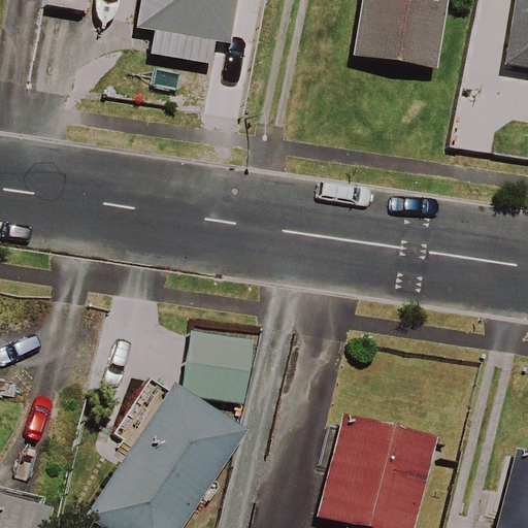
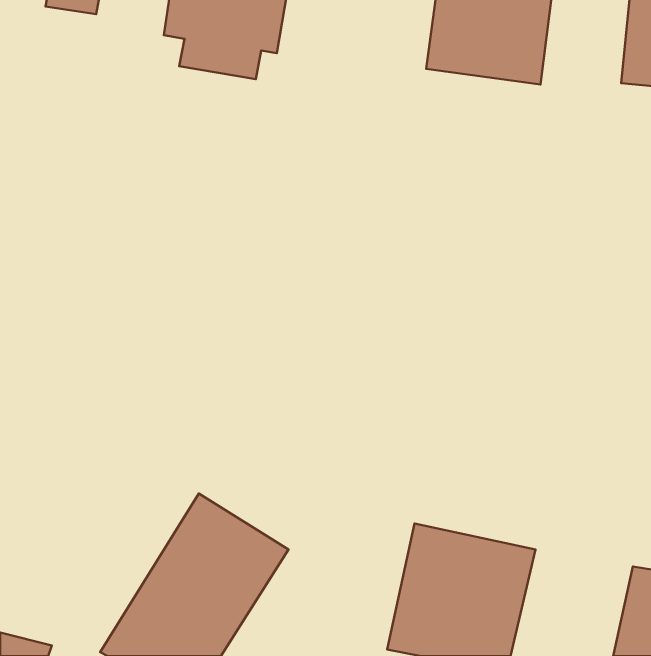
building: [184,332,254,402] -> none

